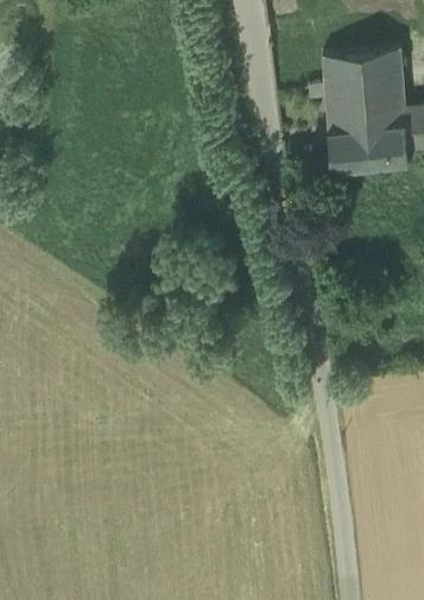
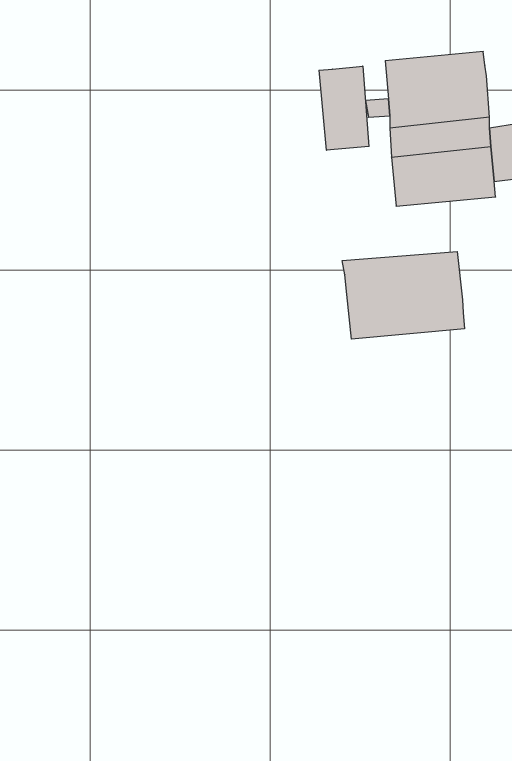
building: none -> [319,66,369,150]
building: none -> [342,252,464,339]

